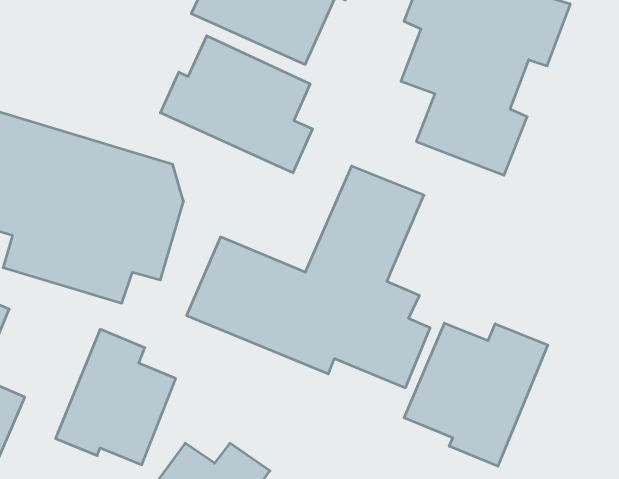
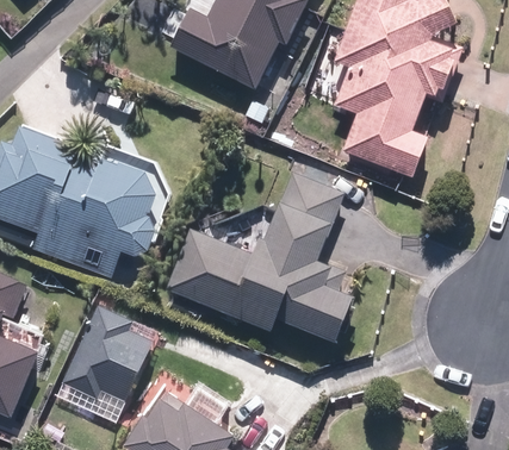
building: [160,36,313,173] -> none
building: [404,323,548,466] -> none

